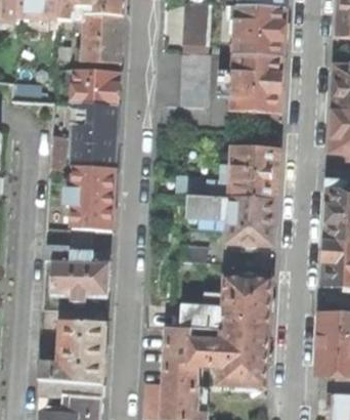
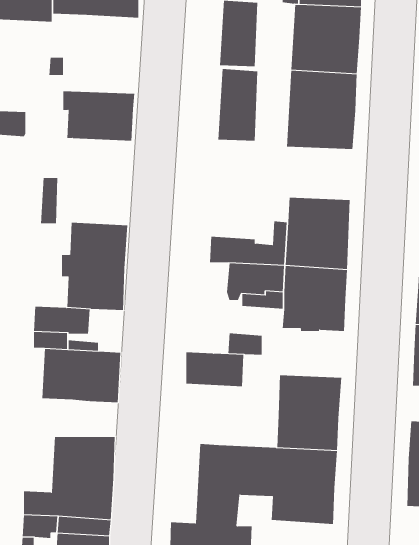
building: [75,13,122,61] -> none
building: [70,103,117,167] -> none
building: [180,304,223,330] -> [185,352,244,387]

